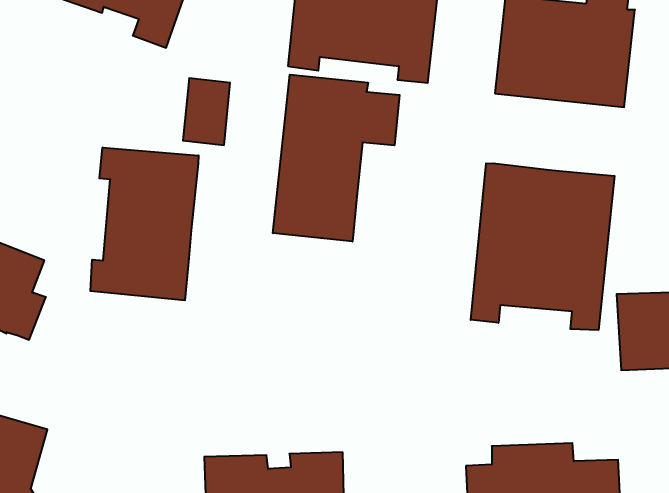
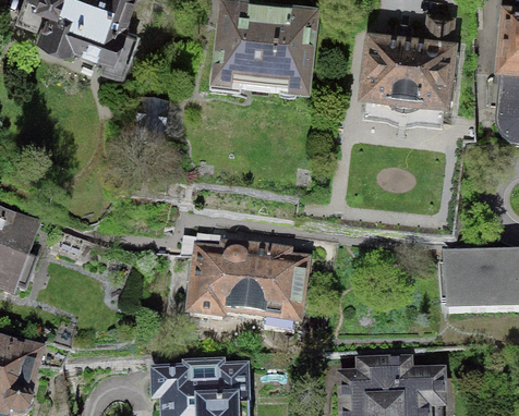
building: [273,75,400,242] -> none
building: [90,147,199,300] -> none
building: [471,163,615,330] -> none
building: none -> [185,240,312,327]

